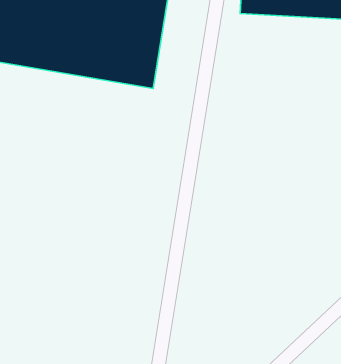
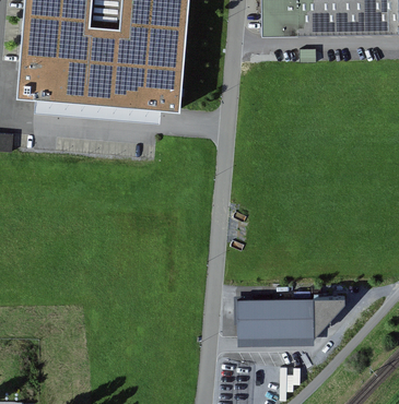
building: none -> [235,293,345,344]

